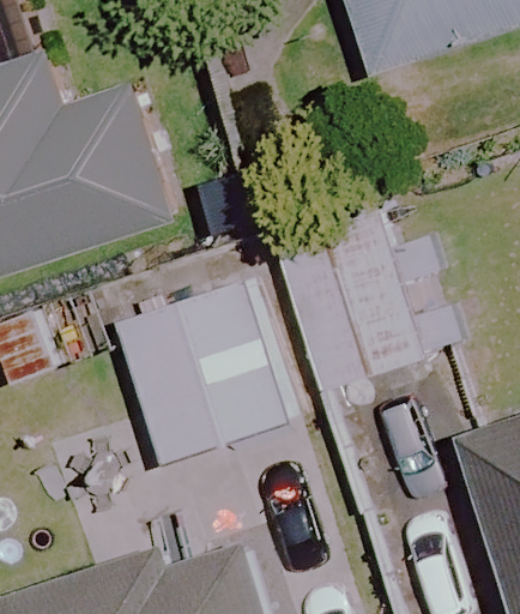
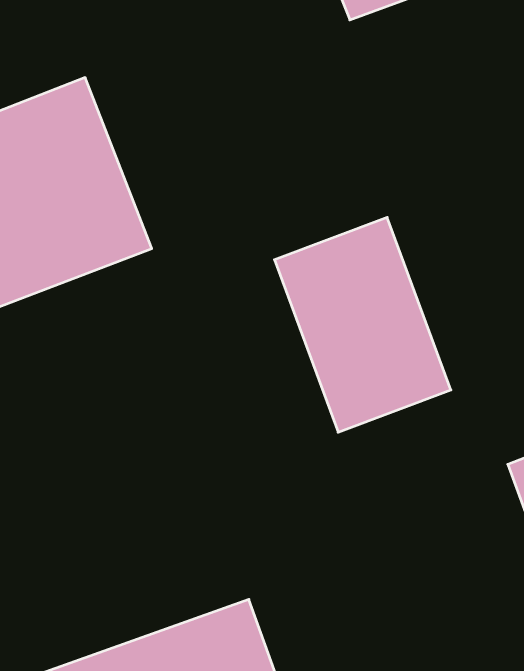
building: [117,284,290,469] -> none

